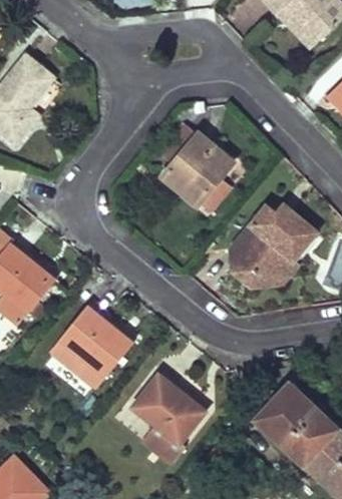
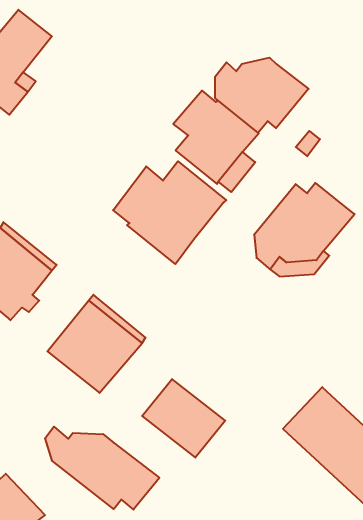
building: none -> [215,58,309,133]
building: none -> [113,161,226,264]
building: none -> [45,427,159,510]

